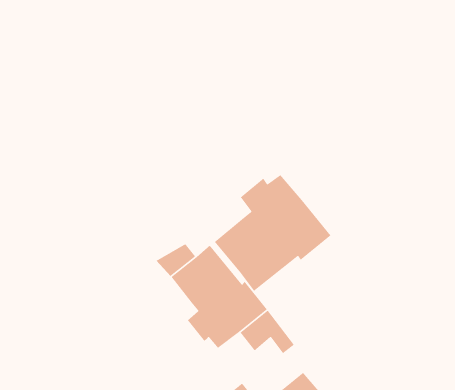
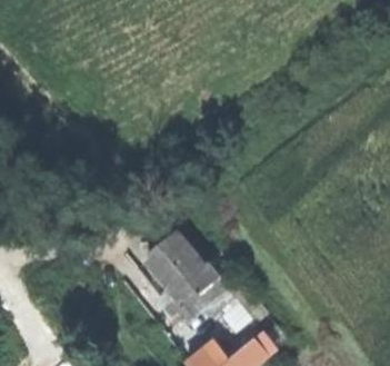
building: [214,174,332,292] -> none

